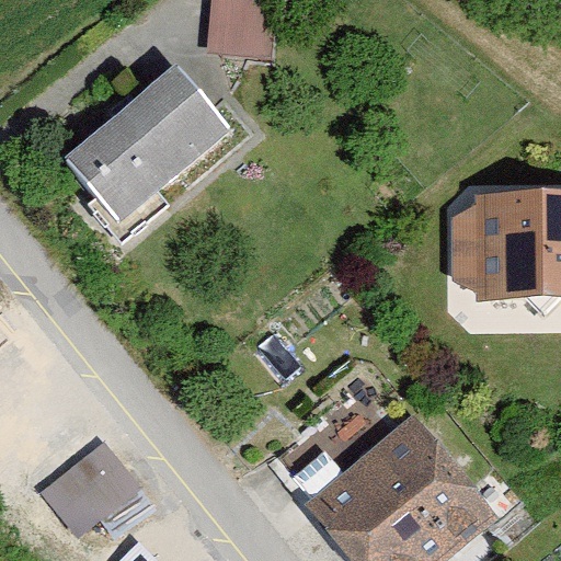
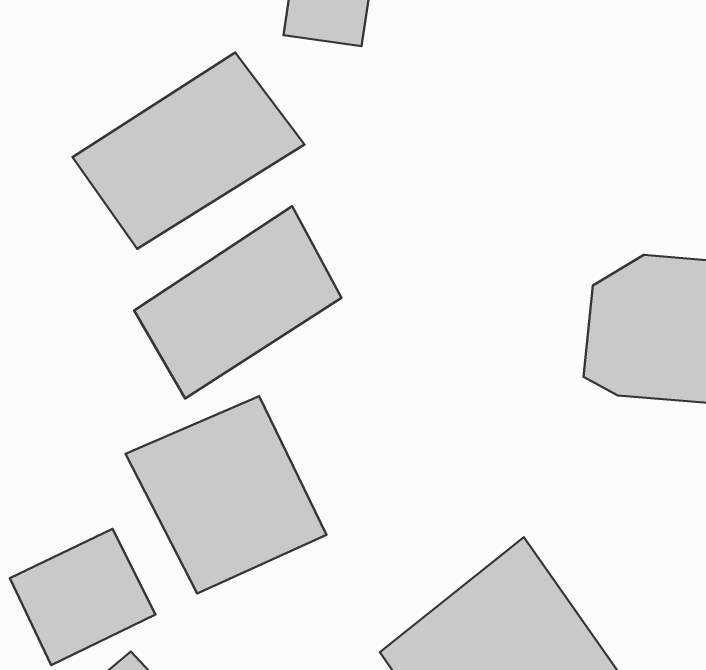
building: none -> [134,206,341,398]
building: none -> [125,396,327,594]

